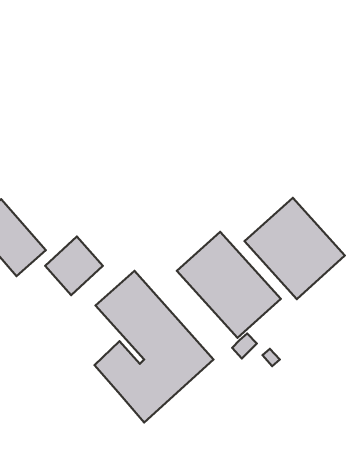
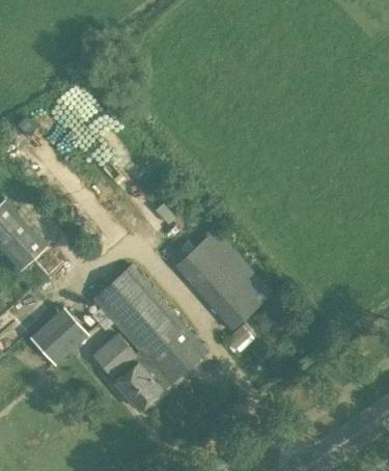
building: [245,198,345,299] -> none
building: [45,237,103,295] -> [32,306,87,362]

